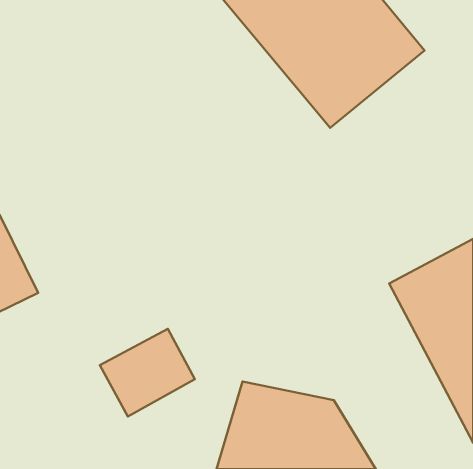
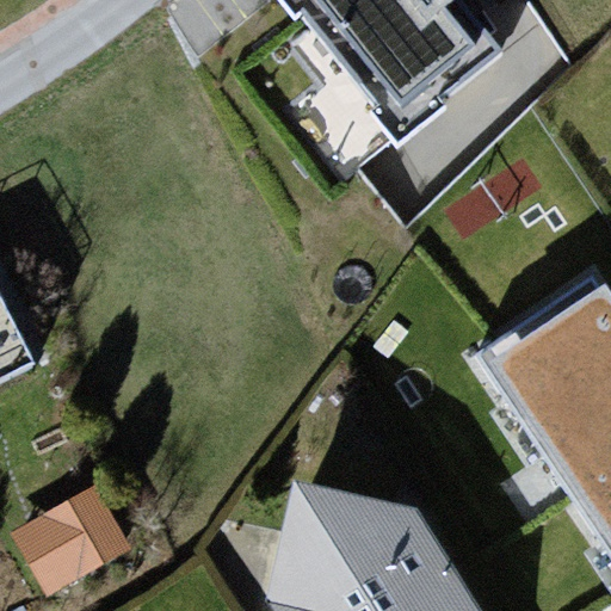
building: [100,329,195,416] -> [5,475,126,587]

